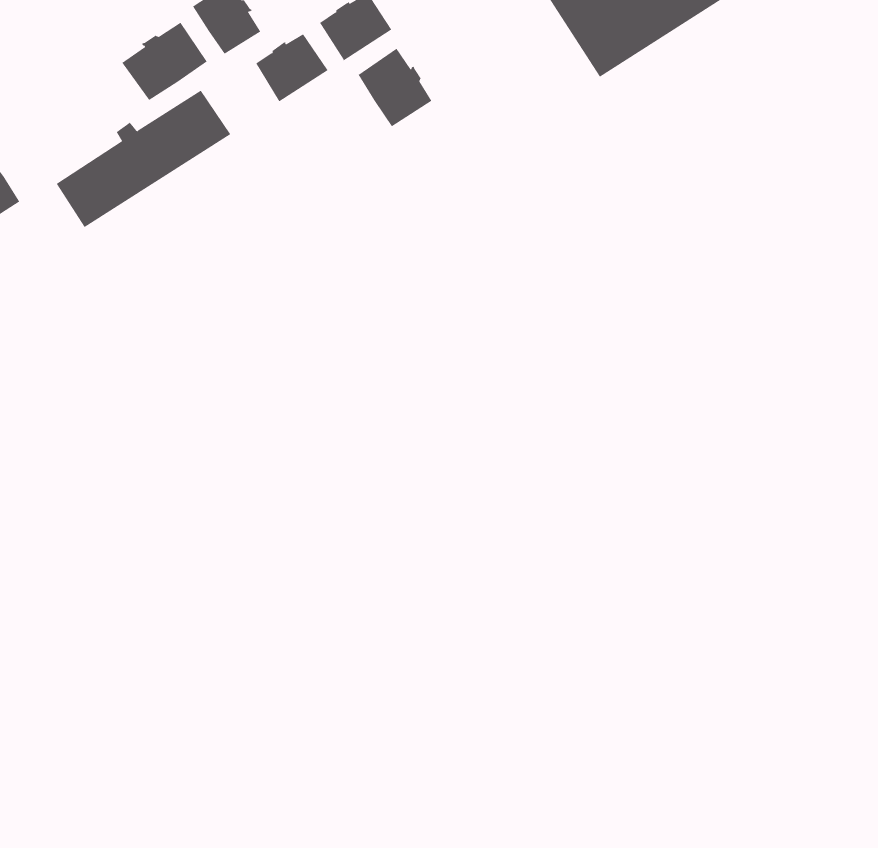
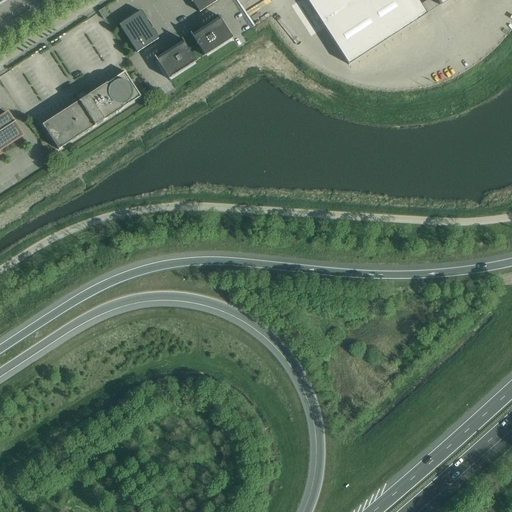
building: [121,22,207,101] -> none
building: [358,48,432,127] -> none

